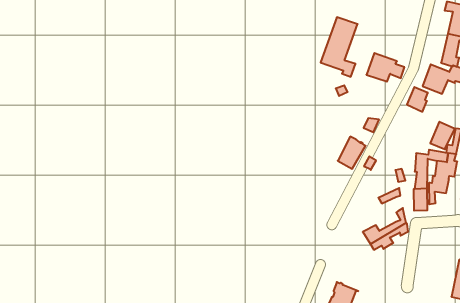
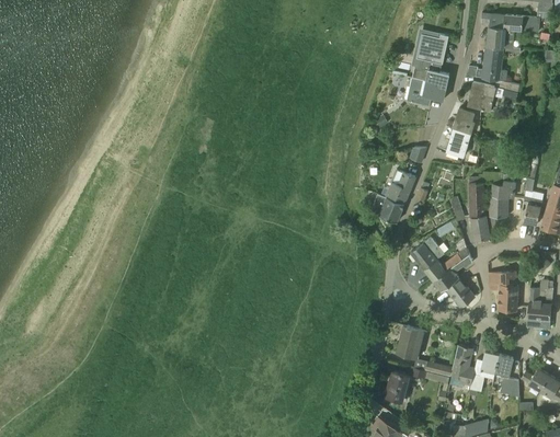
building: [321,17,358,77] -> [411,27,448,89]
building: [430,122,455,149] -> [446,128,470,157]
building: none -> [370,195,403,222]
building: none -> [410,238,438,269]
building: none -> [437,277,473,308]
building: none -> [489,273,517,310]

